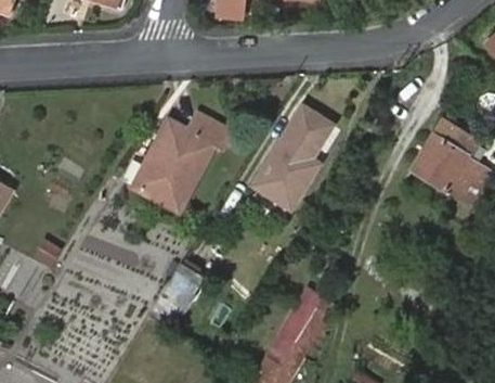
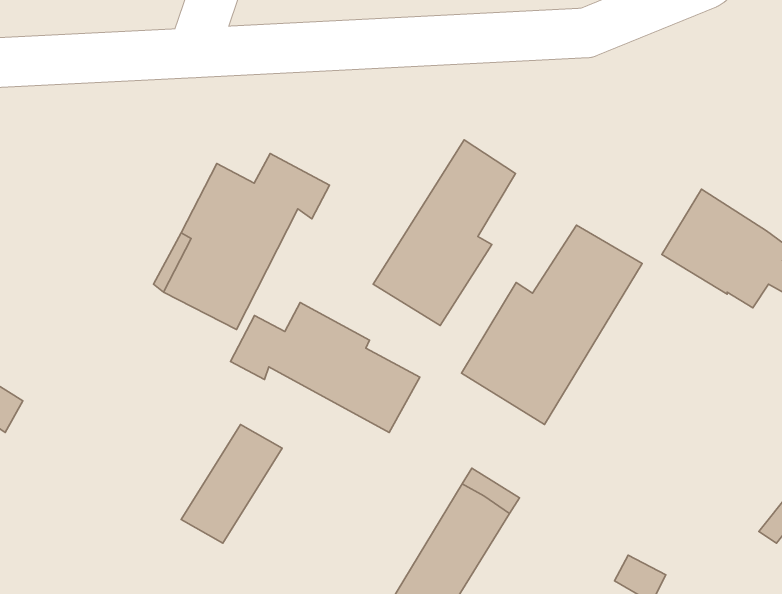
building: none -> [461,225,642,424]
building: none -> [231,303,420,433]

